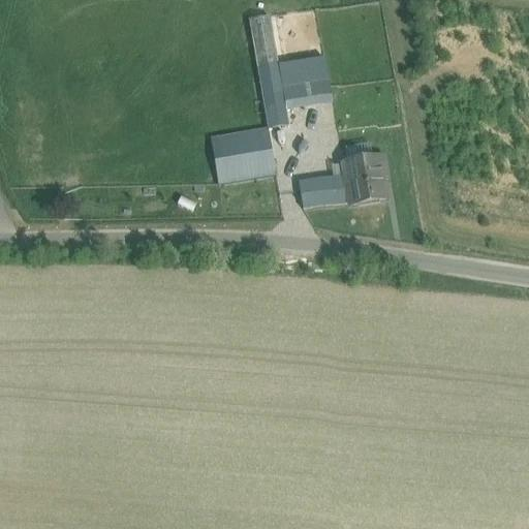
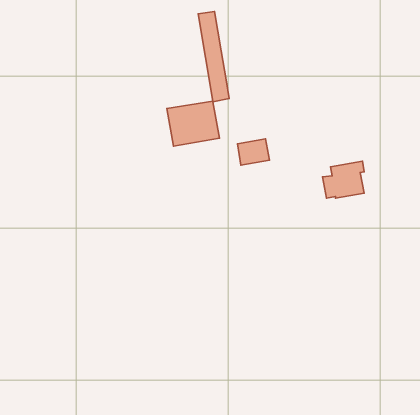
building: [278,56,330,100] -> none
building: [334,155,386,201] -> [322,161,364,198]

